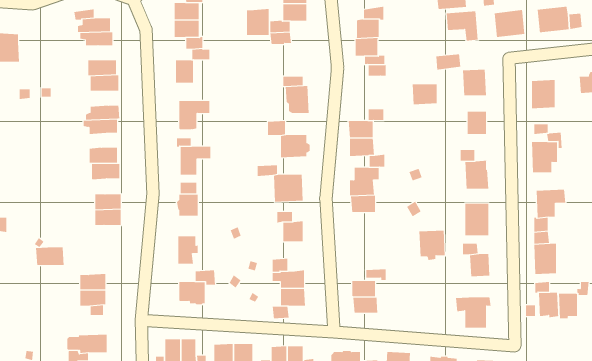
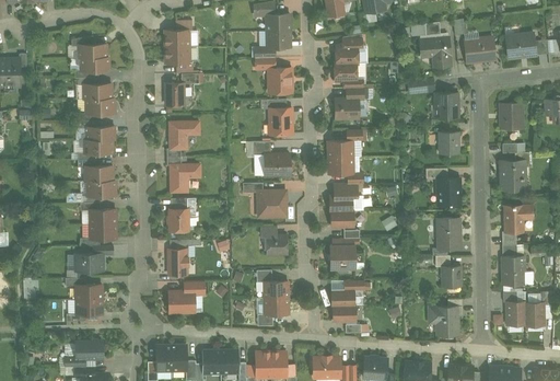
building: [246,9,270,36] -> [268,67,290,92]
building: [412,84,437,105] -> [334,99,358,118]
building: [419,230,446,260] -> [329,244,354,273]
building: [35,247,65,265] -> [74,253,102,270]

